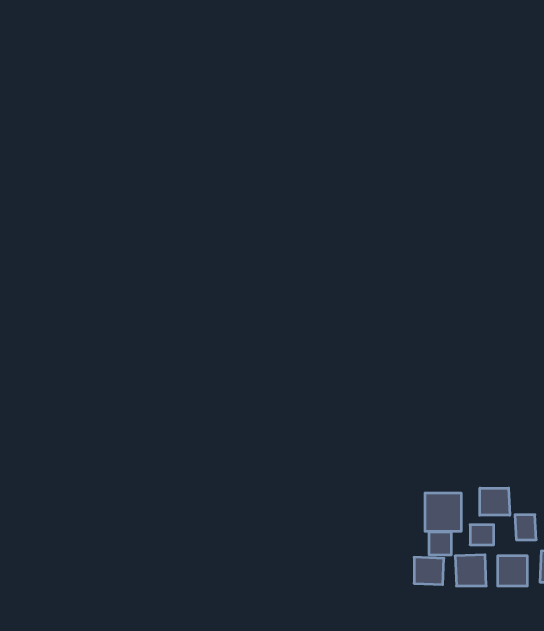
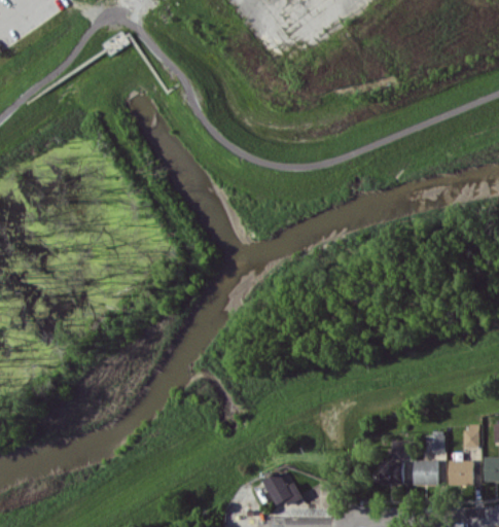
building: [480,488,510,515] -> none
building: [425,493,461,531] -> none
building: none -> [263,471,304,506]

